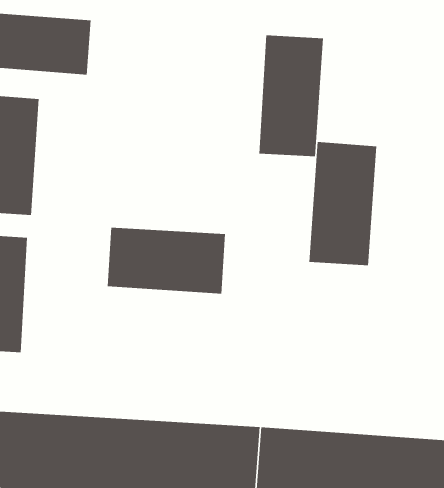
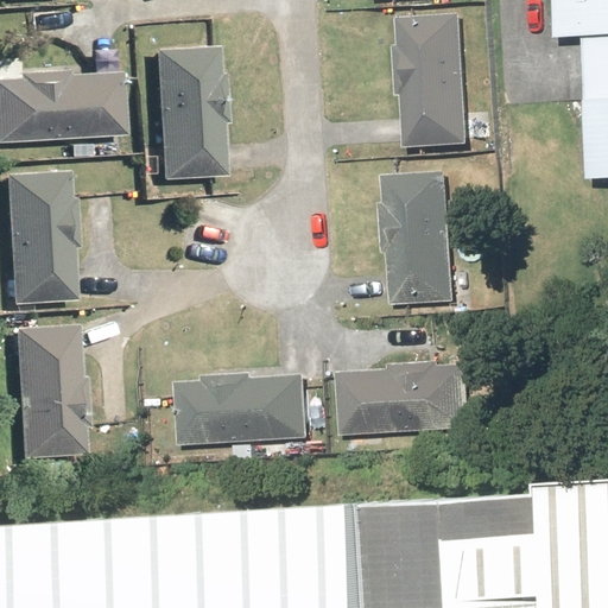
building: none -> [150,48,222,180]
building: [259,35,324,157] -> [397,15,470,153]
building: [107,227,226,294] -> [177,375,311,451]
building: none -> [337,366,471,442]

